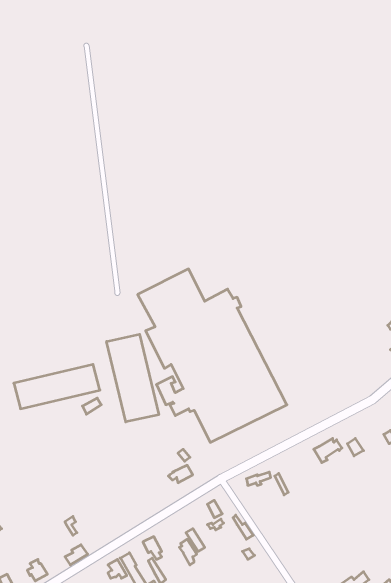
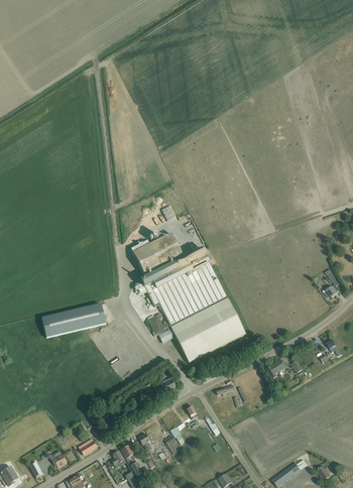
building: [107,334,159,422] -> none

